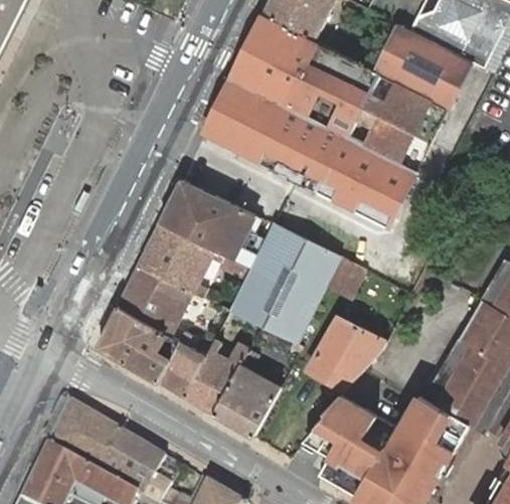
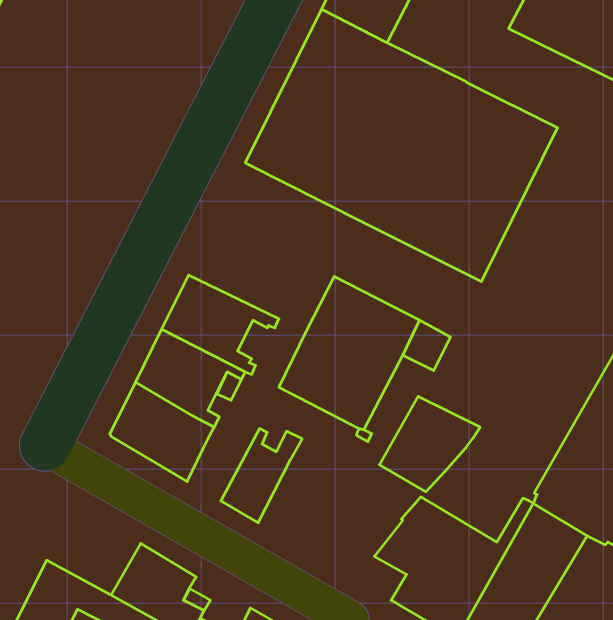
building: [376,25,469,107] -> none
building: [159,179,256,258] -> none
building: [158,332,206,397] -> none
building: [213,349,280,438] -> none
building: [48,401,122,471] -> none

